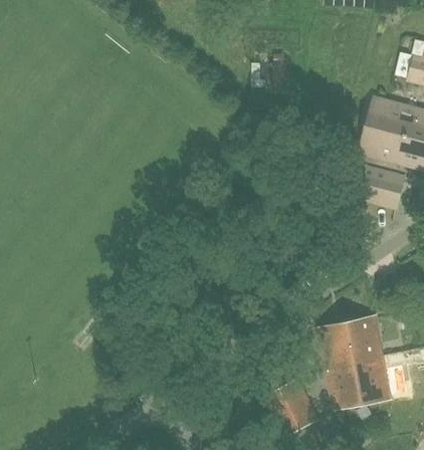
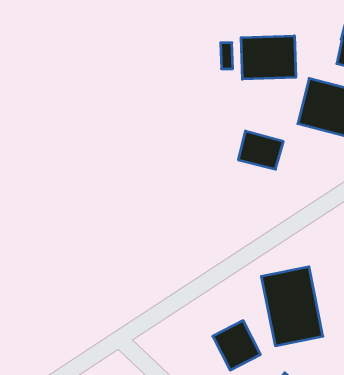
building: none -> [241,36,296,79]
building: [355,164,407,208] -> [238,131,283,169]

